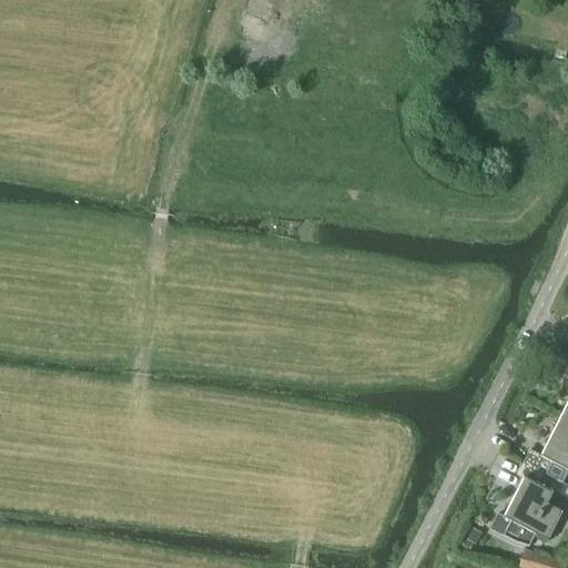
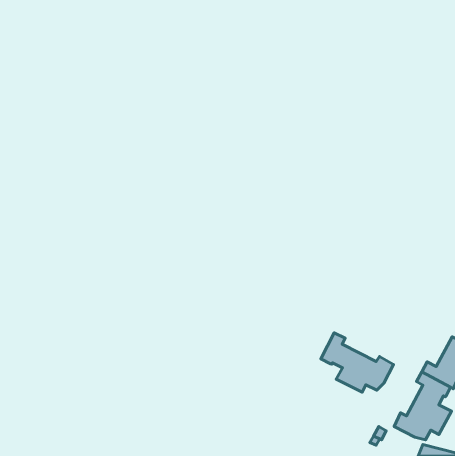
building: none -> [321,333,394,392]

